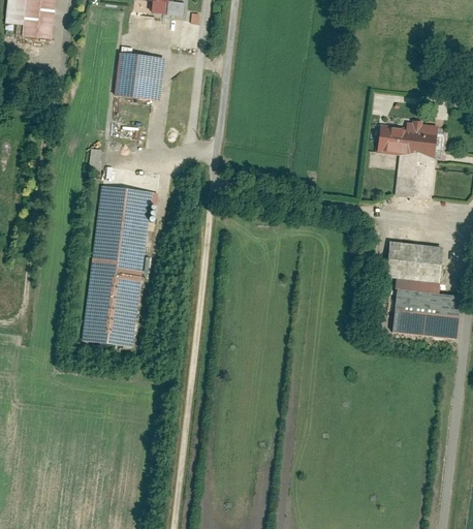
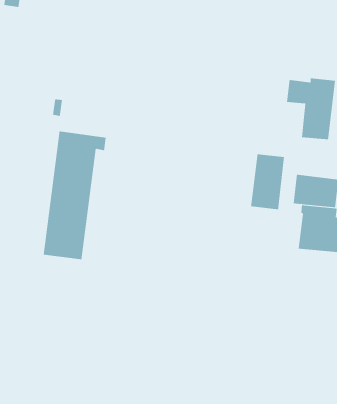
building: [115,53,165,99] -> none
building: none -> [250,153,285,210]

